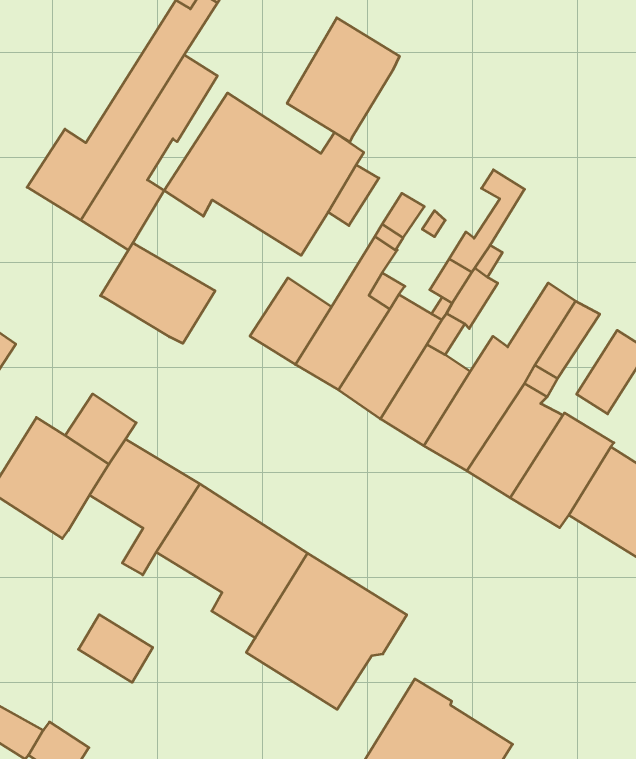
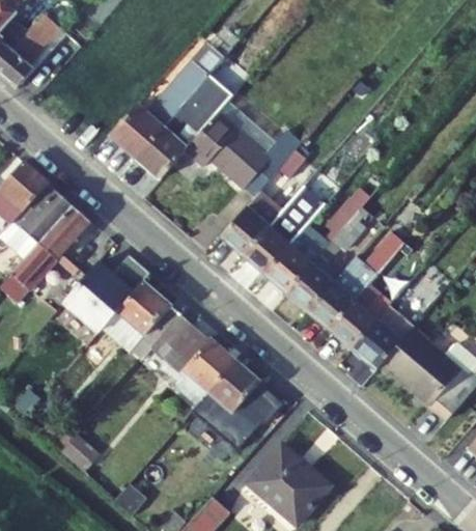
building: [287,18,399,142] -> none
building: [100,243,215,343] -> none
building: [78,615,153,682] -> [104,311,145,352]

